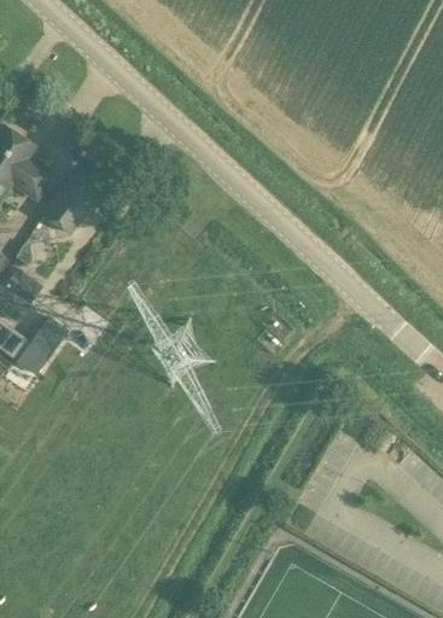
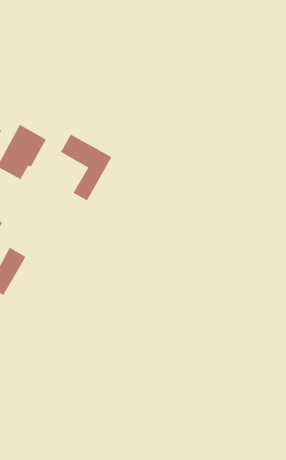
building: none -> [60,134,113,201]

